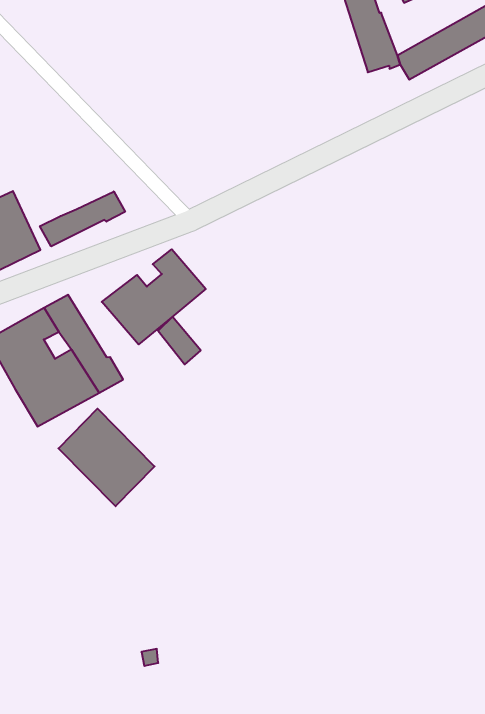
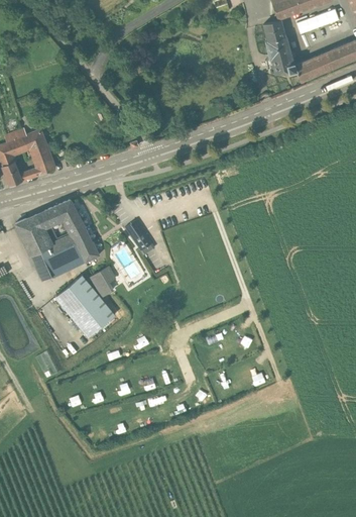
building: [40,191,125,246] -> none
building: [102,249,206,344] -> none
building: none -> [90,267,116,297]

